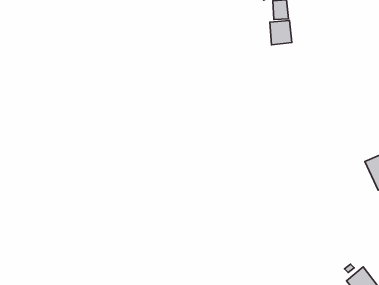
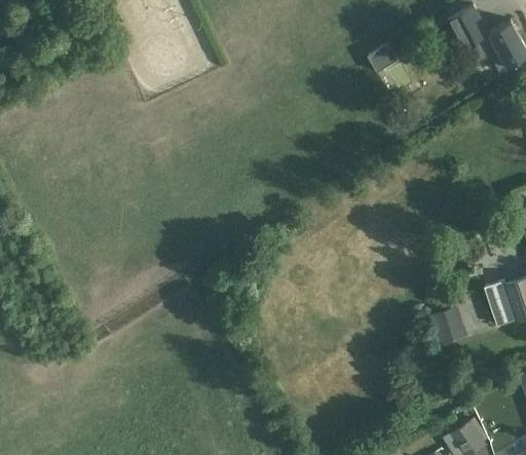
building: [270,20,292,45] -> none
building: none -> [430,307,465,345]

